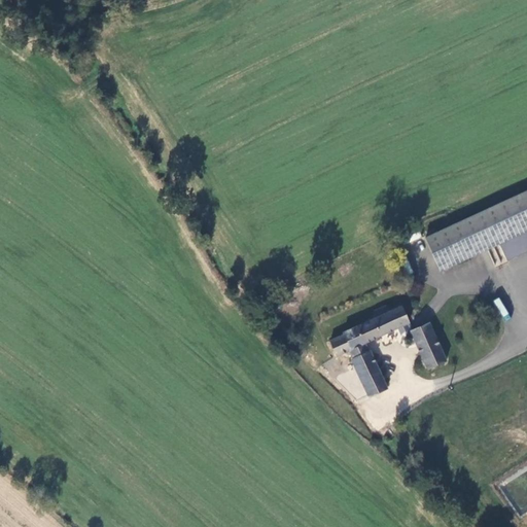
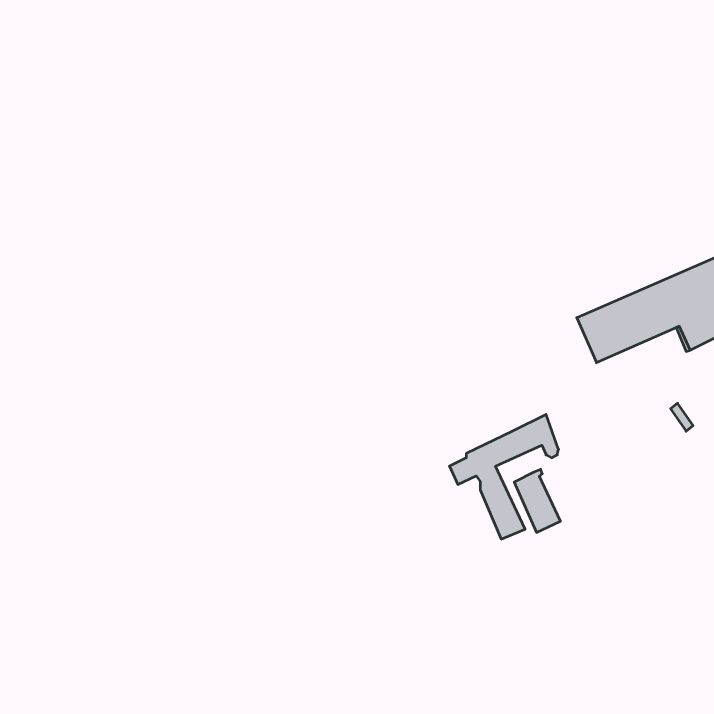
building: [412,321,446,367] -> [514,469,560,532]

